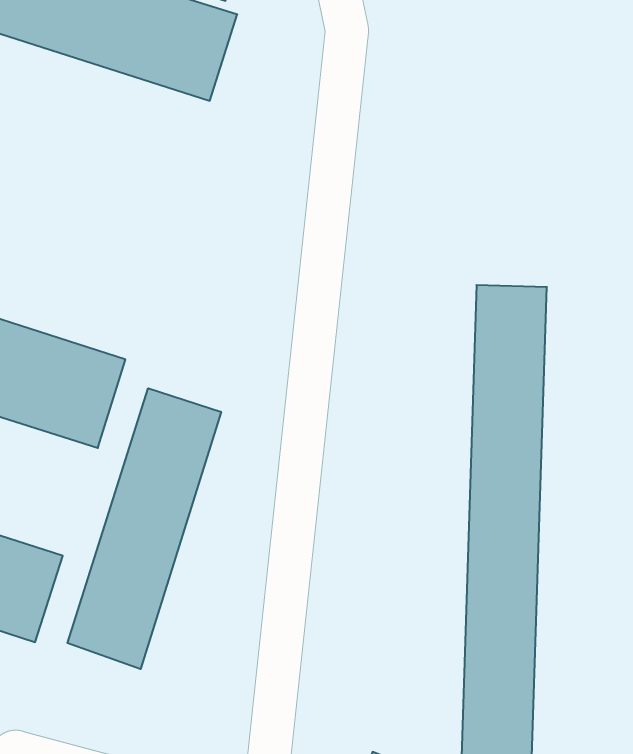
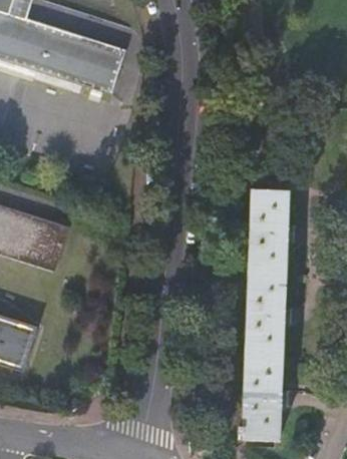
building: [67,388,221,669] -> none

